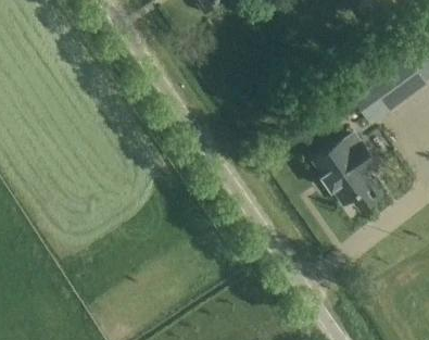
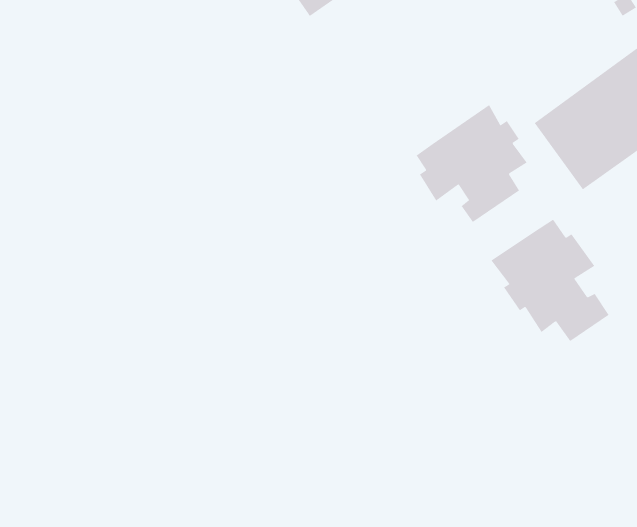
building: none -> [416,104,527,223]

